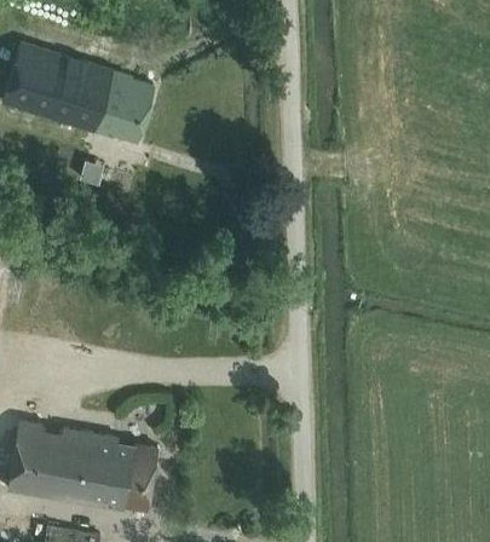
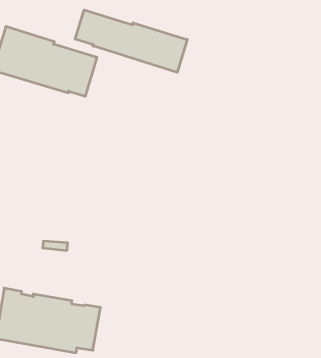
building: none -> [75,10,187,72]

